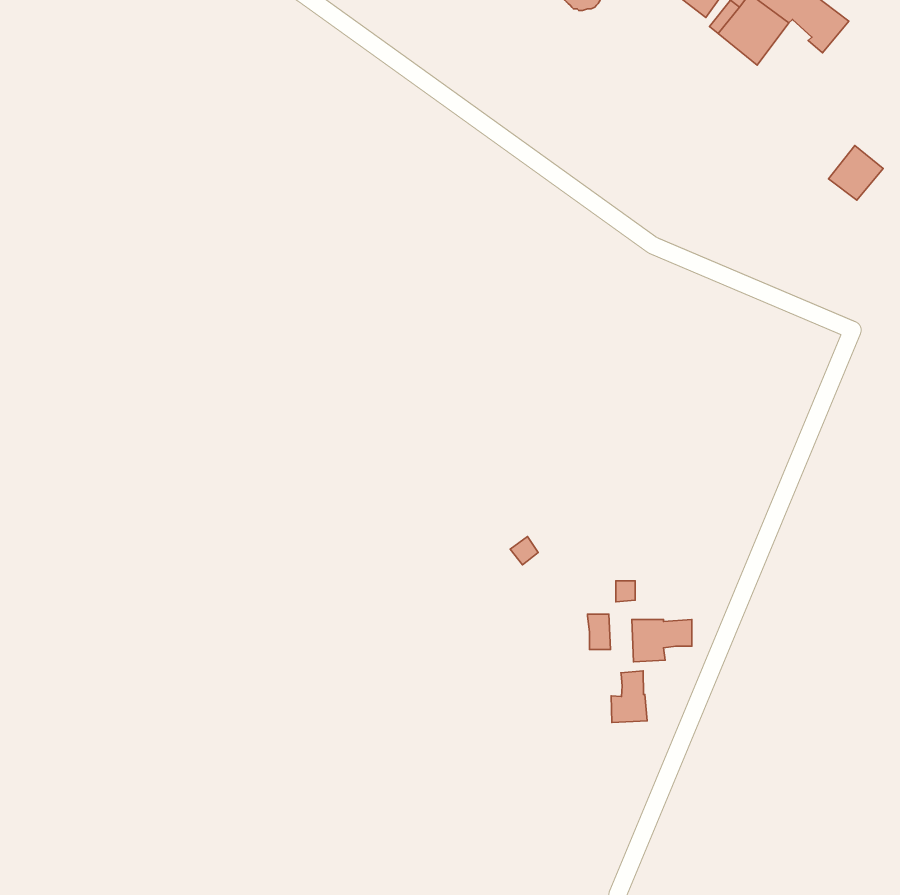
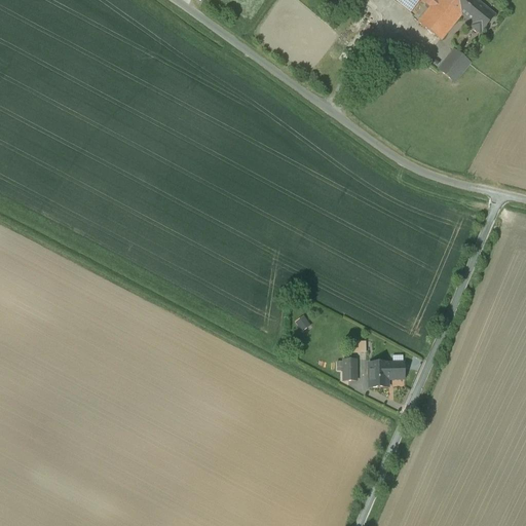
building: [829,145,883,200] -> [439,47,471,79]
building: [611,671,647,722] -> none

